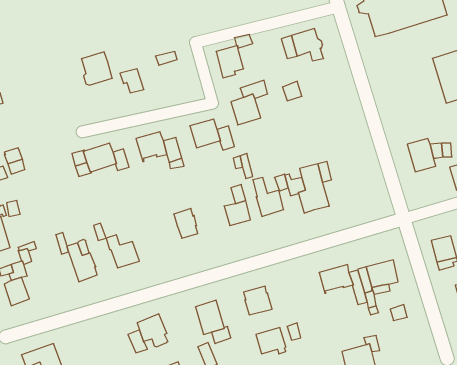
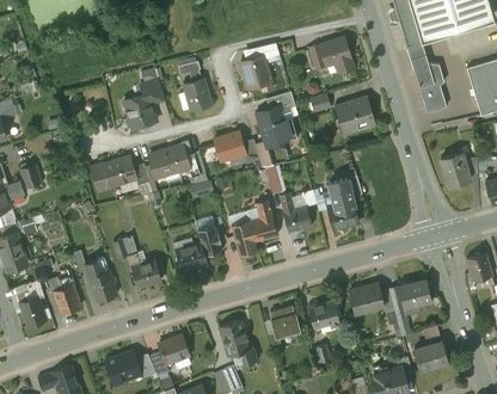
building: none -> [407,42,447,112]
building: [81,52,112,85] -> [124,93,157,128]
building: none -> [185,79,211,110]
building: none -> [335,96,376,129]
building: none -> [231,221,258,256]
building: none -> [176,242,208,271]
building: none -> [54,276,81,313]
building: none -> [415,341,448,370]
building: [256,328,286,354] -> [308,300,339,327]
building: none -> [106,350,142,382]

